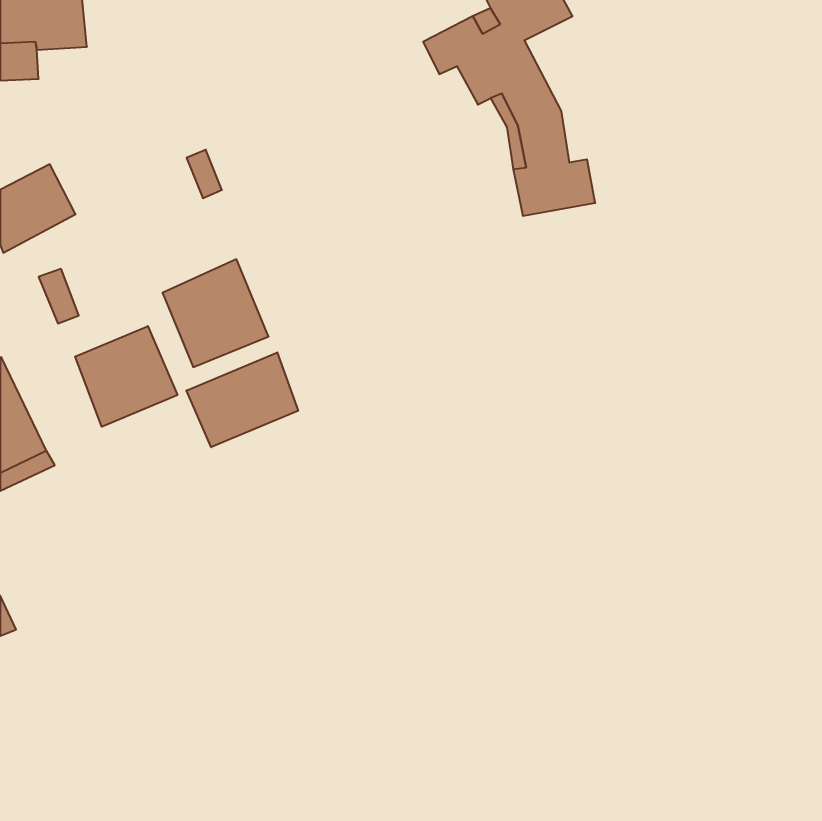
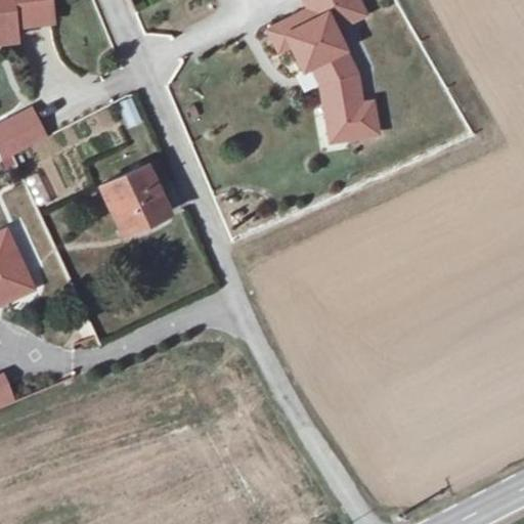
building: [75,326,177,427] -> none
building: [186,352,298,447] -> none

